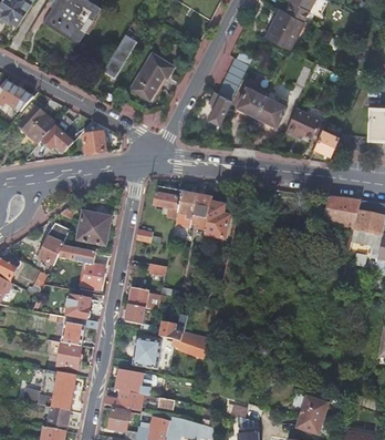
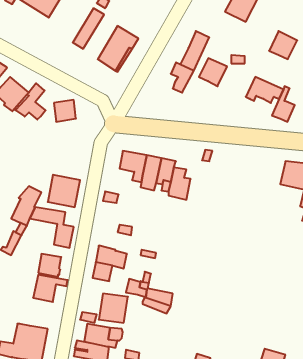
building: [257,95,287,125] -> [269,31,297,59]
building: [50,340,82,369] -> none

